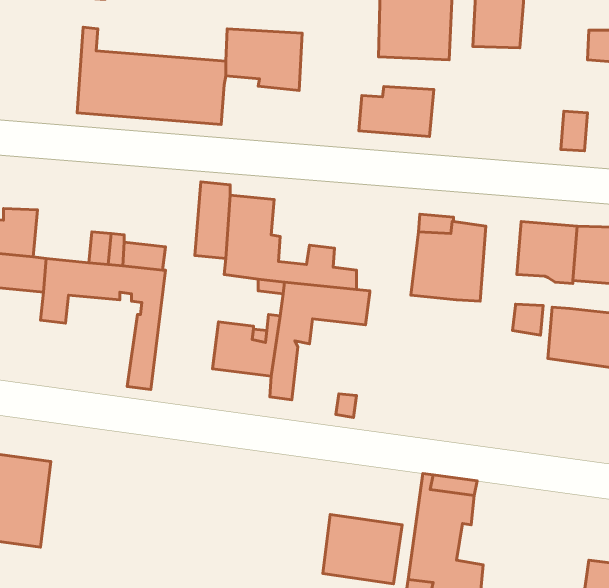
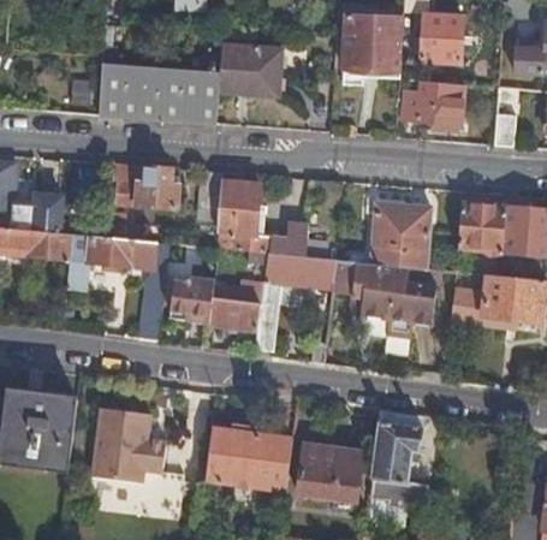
building: [359,87,434,137] -> [400,84,462,125]
building: none -> [112,165,178,209]
building: none -> [333,262,436,338]
building: none -> [168,277,214,325]
building: none -> [91,403,165,476]
building: none -> [203,422,292,491]

